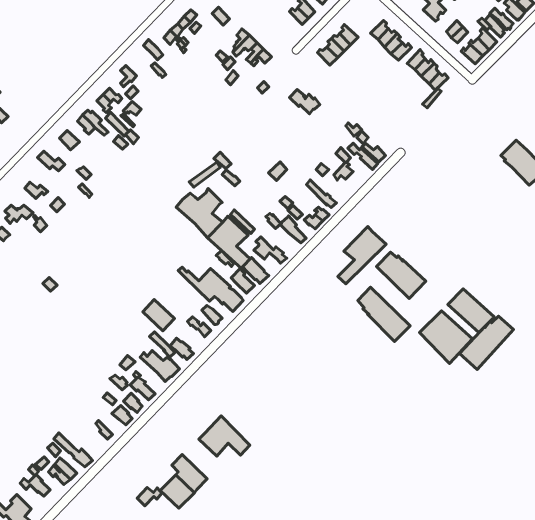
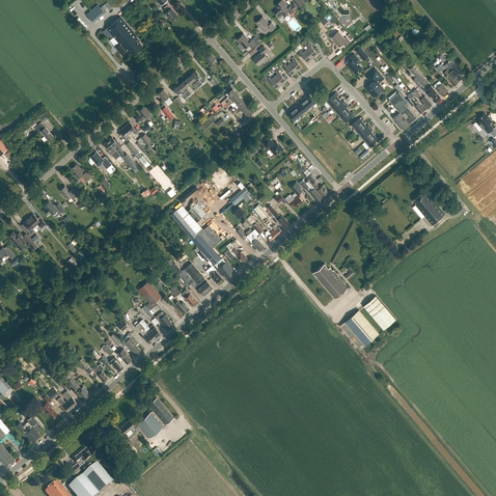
building: [338,226,386,284] -> none
building: [358,287,410,342] -> none
building: [459,316,514,370] -> none
building: [199,416,250,456] -> none

